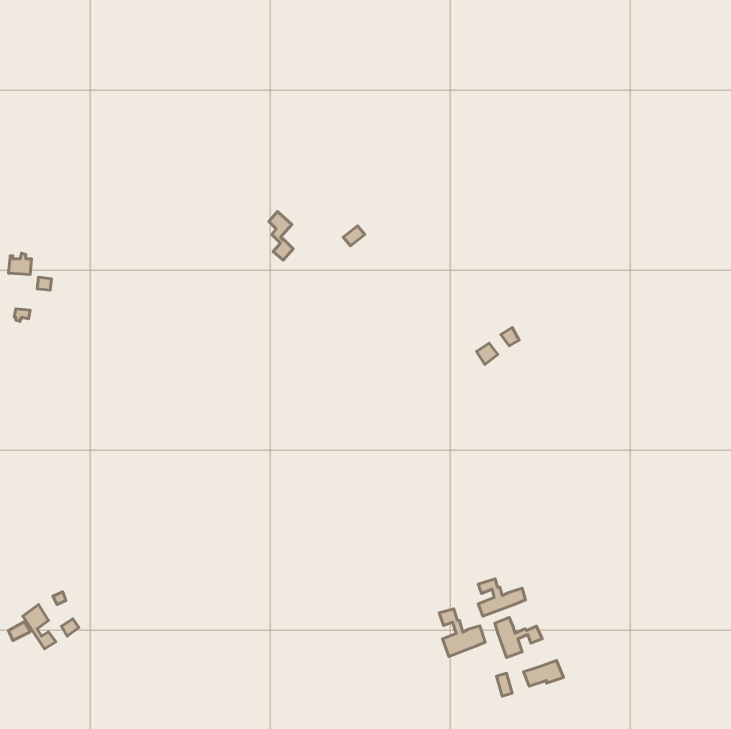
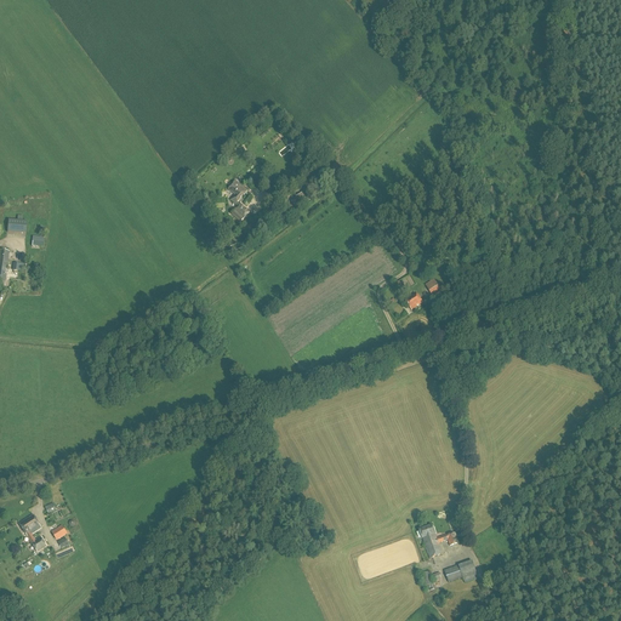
building: [478,579,526,616] -> none
building: [439,609,485,656] -> none

